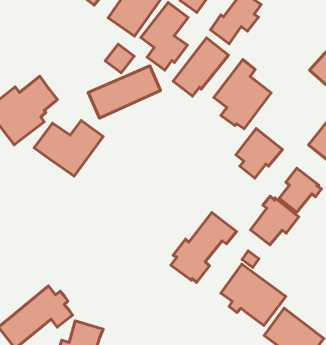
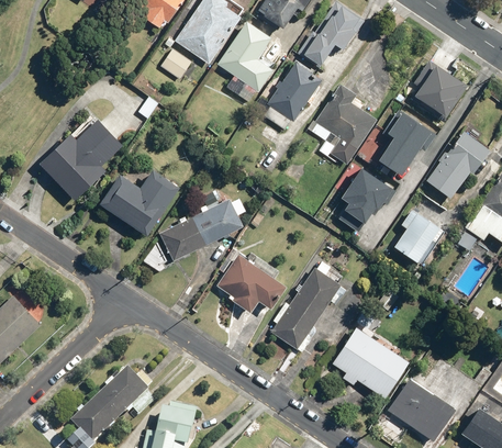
building: [105,44,134,73] -> [159,46,193,80]
building: [88,66,160,118] -> [158,198,244,264]
building: none -> [376,110,434,177]
building: [250,196,299,245] -> none
building: none -> [216,254,286,313]

